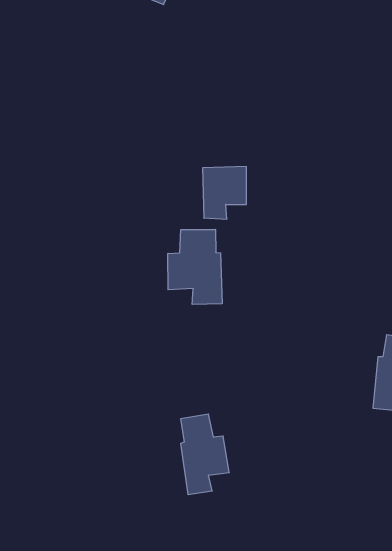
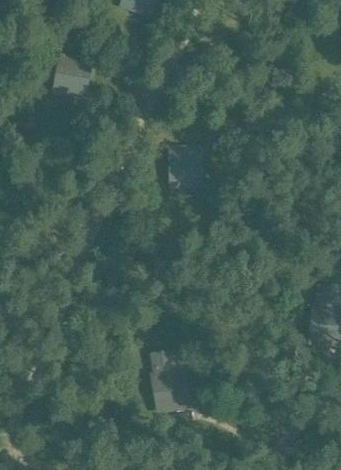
building: none -> [54,53,95,98]
building: [168,229,222,304] -> none

